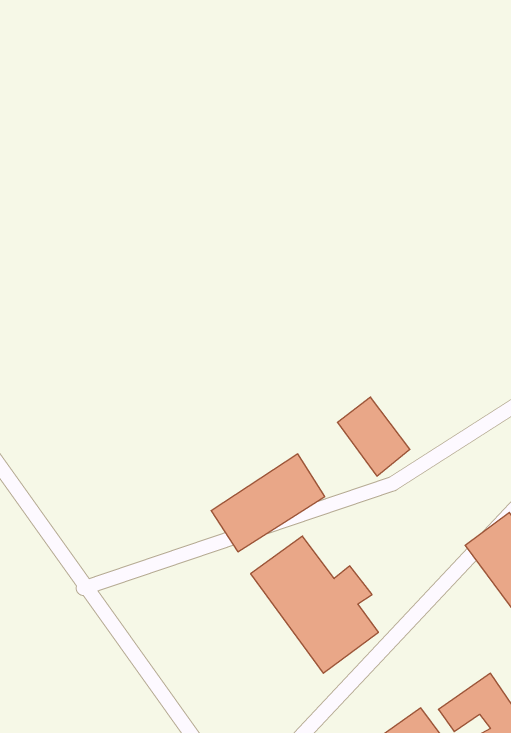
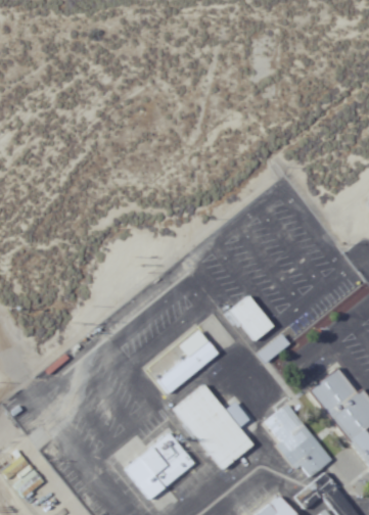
building: none -> [261,403,332,478]
building: none -> [122,431,195,501]

